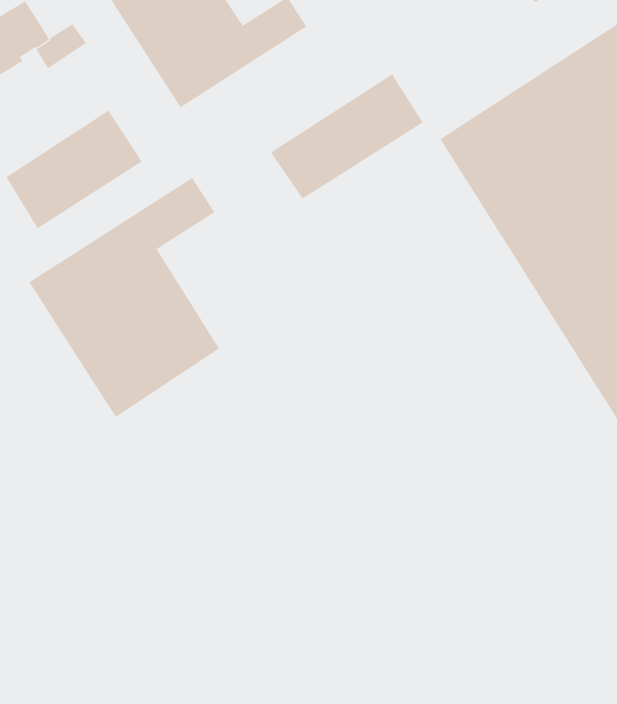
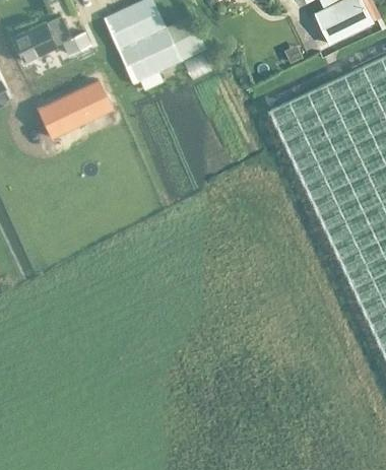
building: [270,74,423,200] -> none
building: [29,177,220,418] -> none

